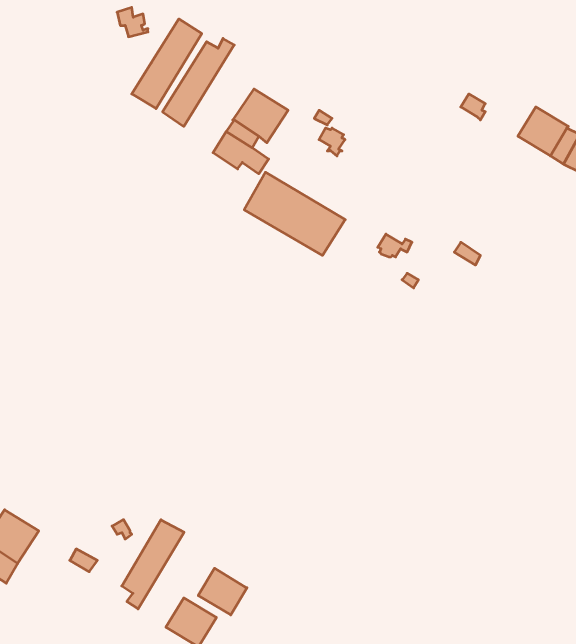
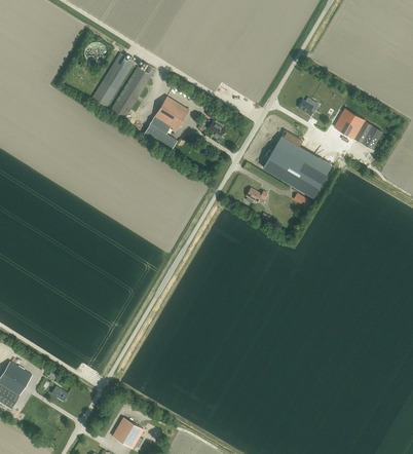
building: [244,172,345,255] -> [263,143,327,195]
building: [122,520,184,609] -> none
building: [198,568,247,615] -> none

